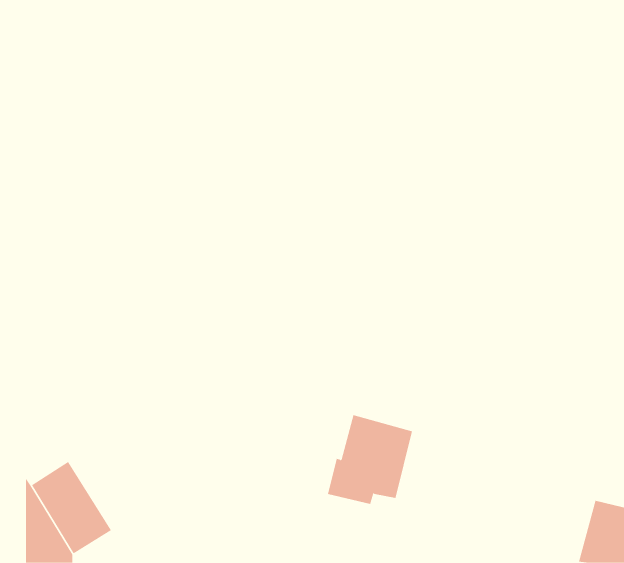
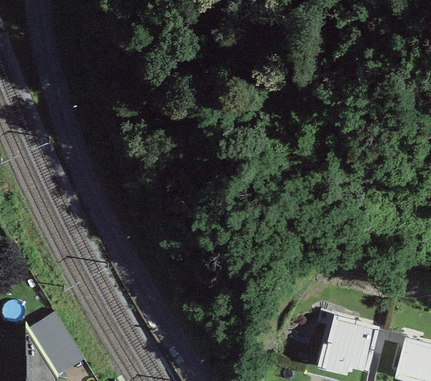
building: [327,415,413,505] -> [317,315,374,375]

